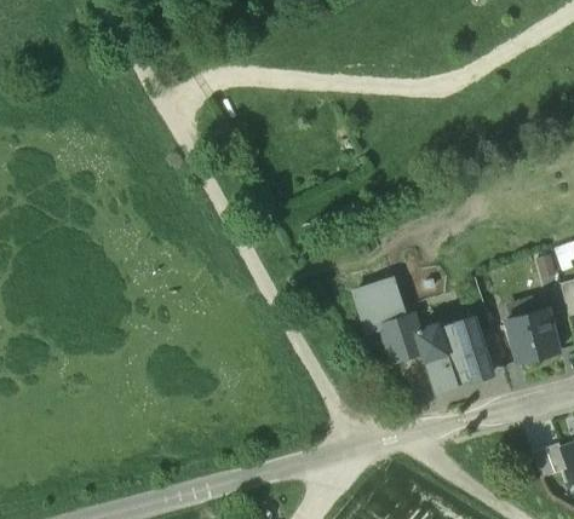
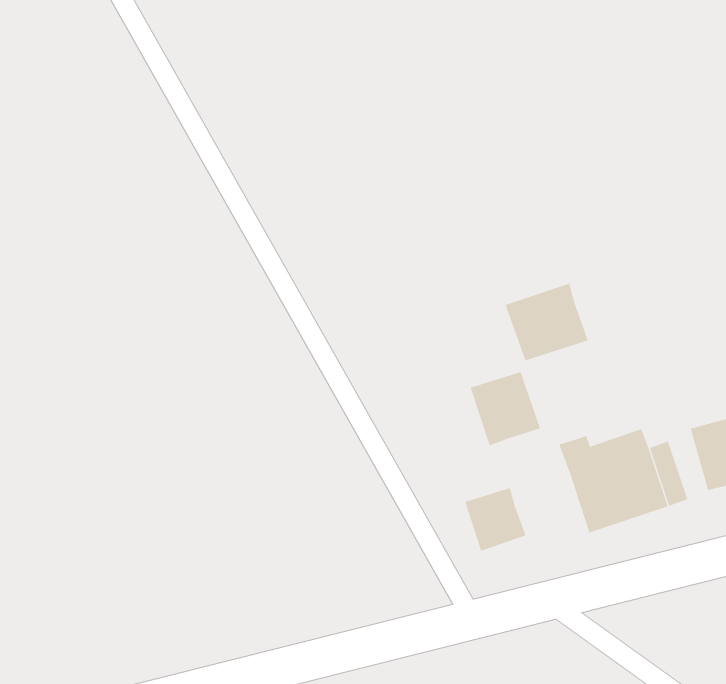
building: none -> [505,283,588,361]
building: [380,317,423,361] -> [464,488,527,551]

